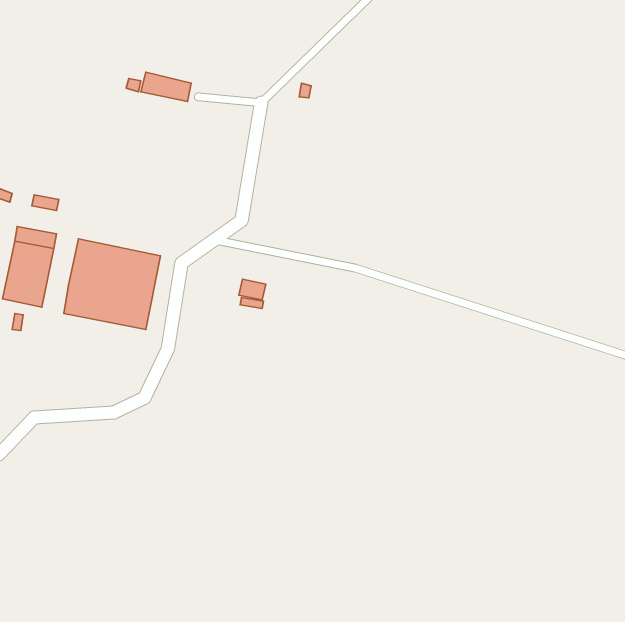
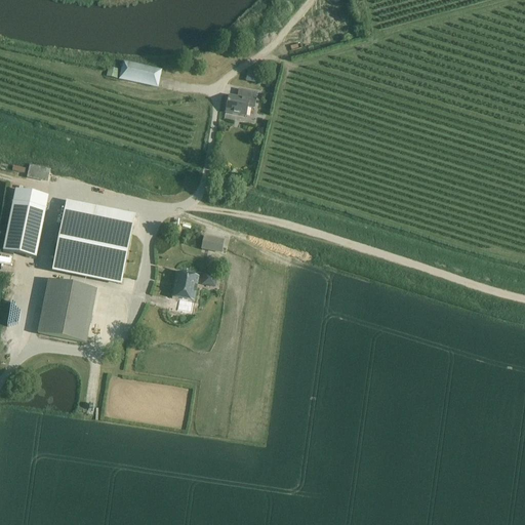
building: none -> [224,88,256,116]
building: none -> [171,272,198,306]
building: none -> [37,280,95,341]

